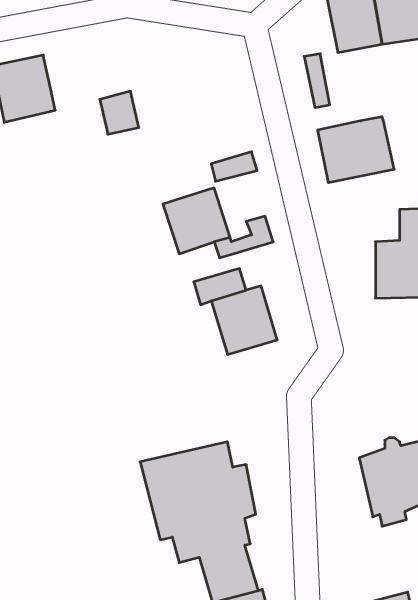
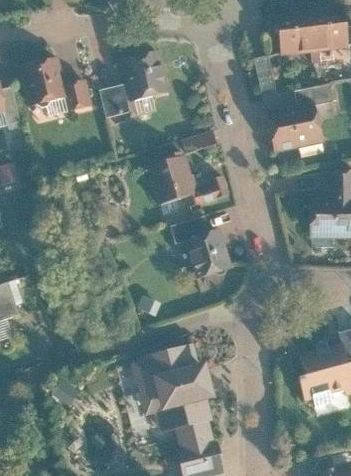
building: none -> [122,50,168,102]
building: none -> [63,79,92,113]
building: none -> [291,84,330,106]

